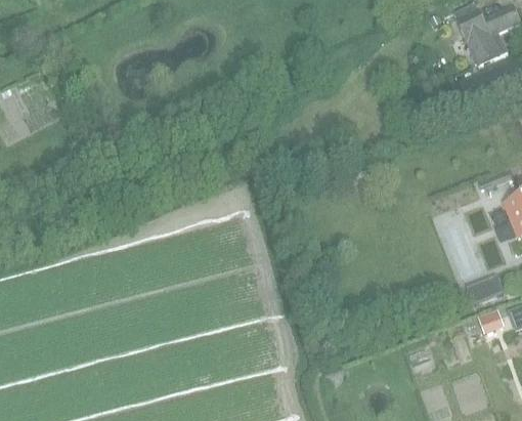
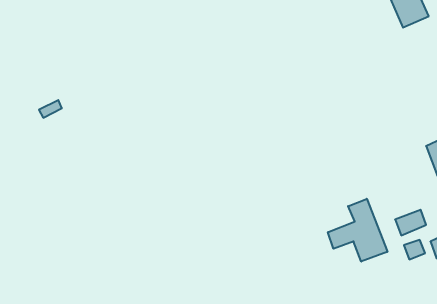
building: none -> [328,199,387,262]

